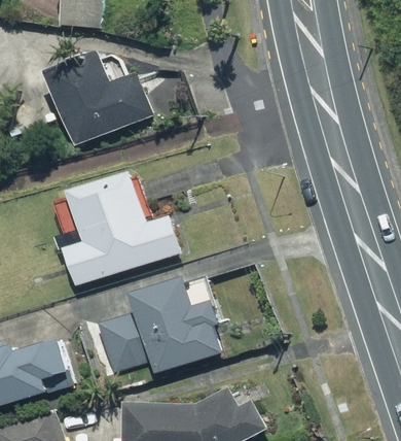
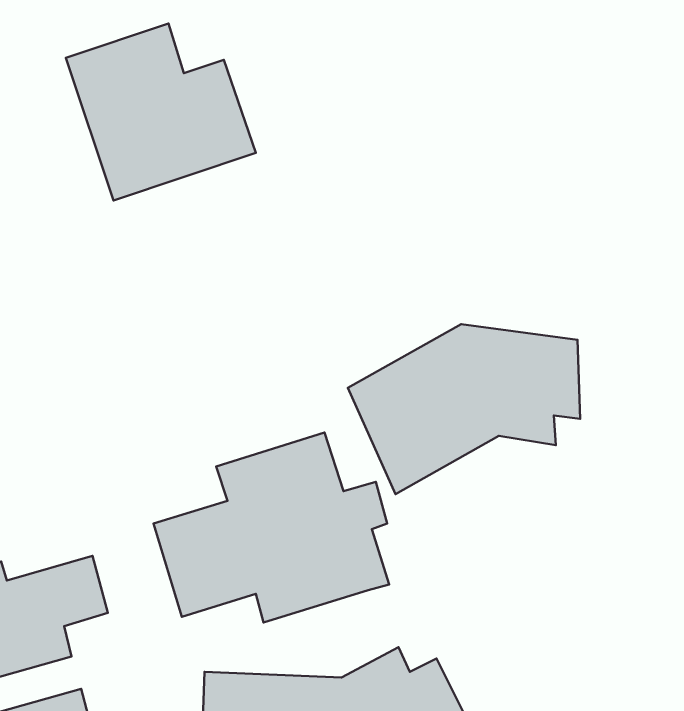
building: [62,172,179,283] -> none
building: none -> [348,324,580,494]

